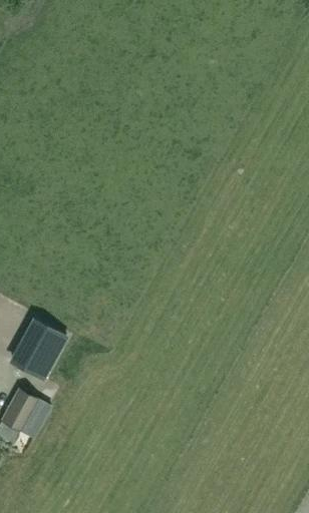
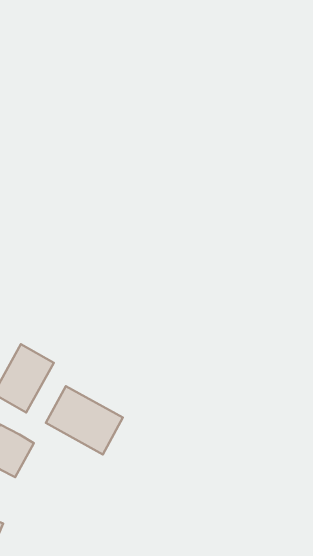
building: none -> [46,386,123,454]

